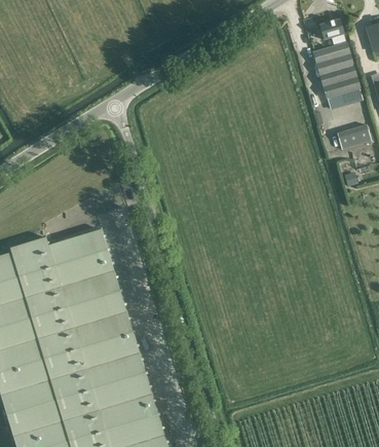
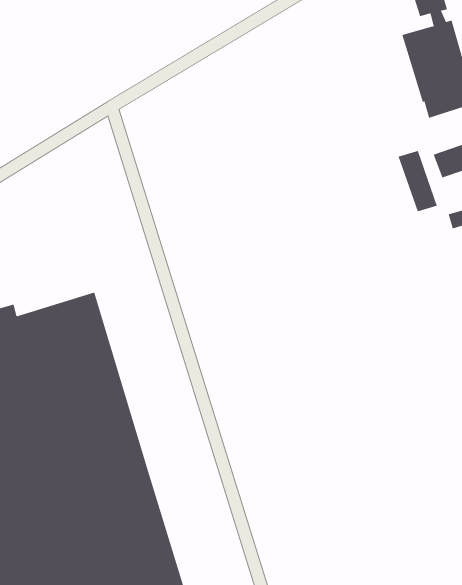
building: none -> [398,150,438,212]

